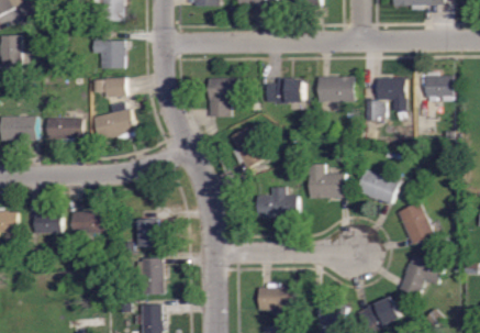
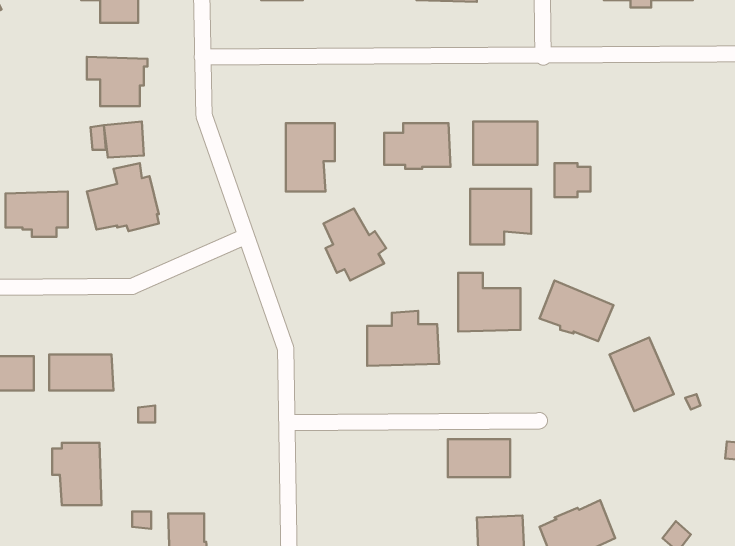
building: [425,70,454,98] -> none
building: [377,77,406,110] -> none
building: none -> [470,189,531,244]
building: [137,218,160,246] -> none
building: [399,255,444,297] -> none
building: [136,257,165,293] -> [52,443,102,505]
building: [258,287,294,309] -> [448,439,510,477]

